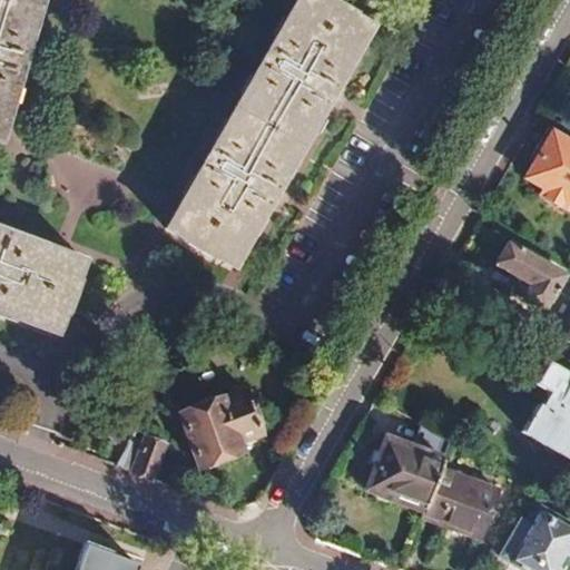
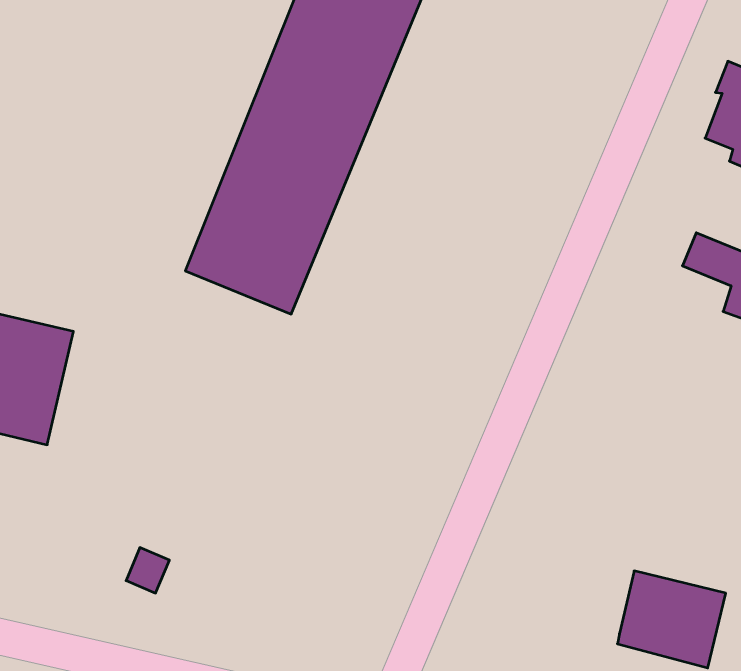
building: [178,385,262,466] -> none
building: [370,424,453,510] -> none
building: [117,435,167,480] -> none

